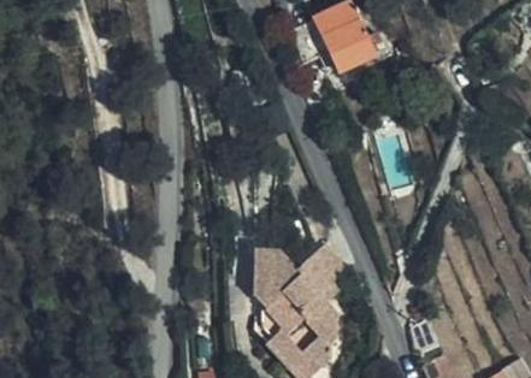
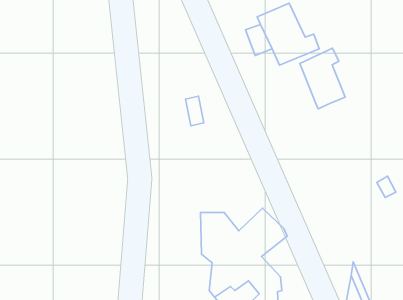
building: none -> [300,48,345,109]

